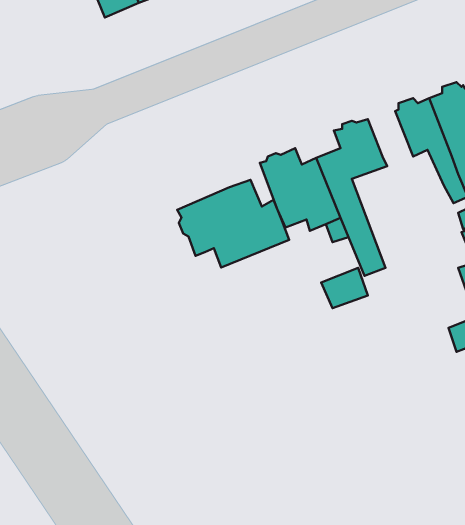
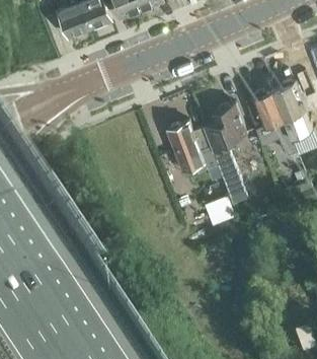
building: [177,180,289,267] -> none

